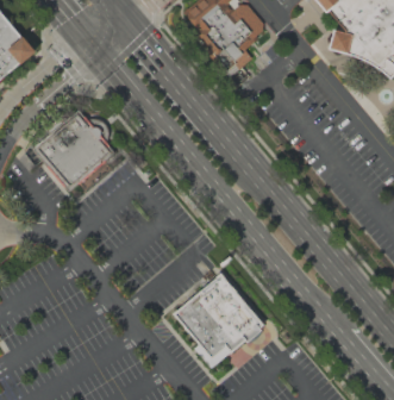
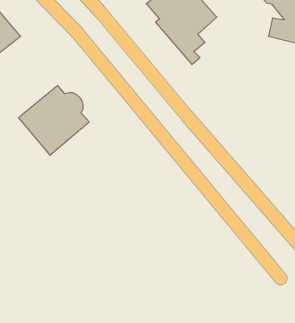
building: [171,274,263,369] -> none

